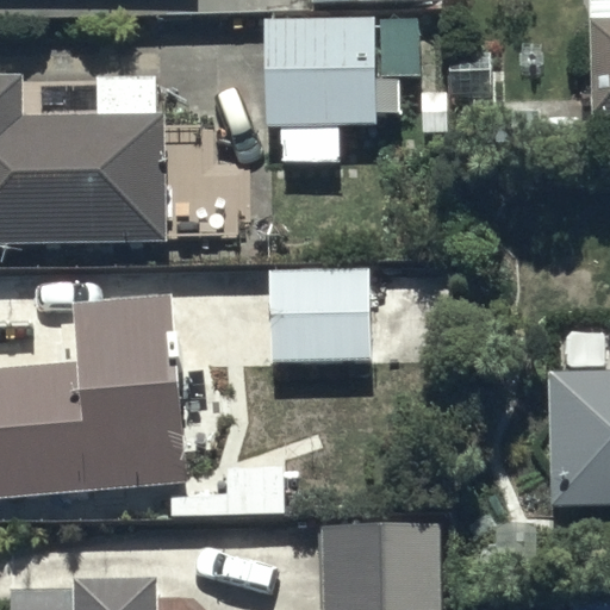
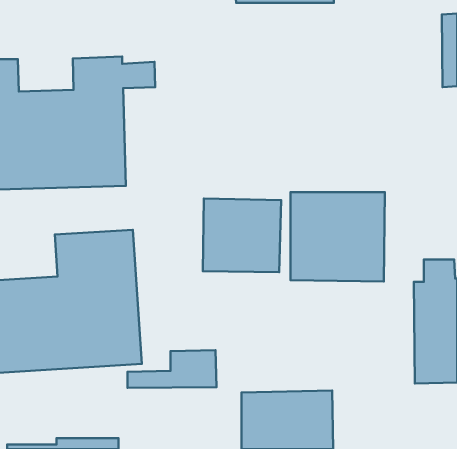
building: [262,15,448,160] -> none
building: none -> [291,192,385,281]

